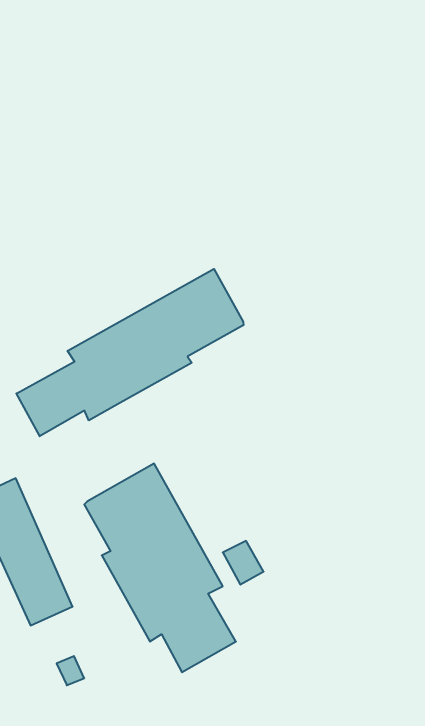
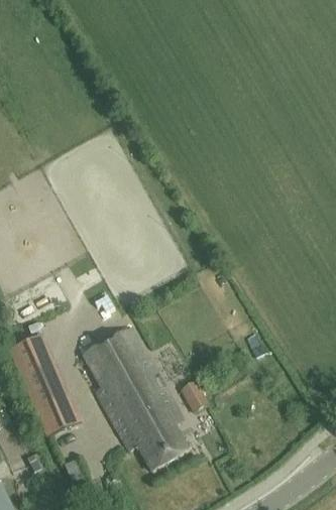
building: [16,269,243,436] -> none

